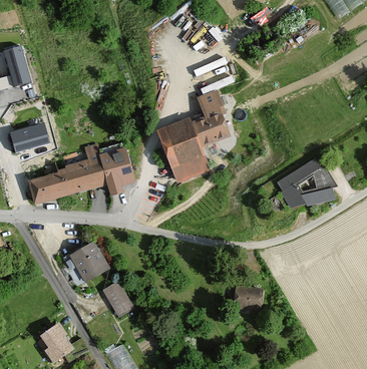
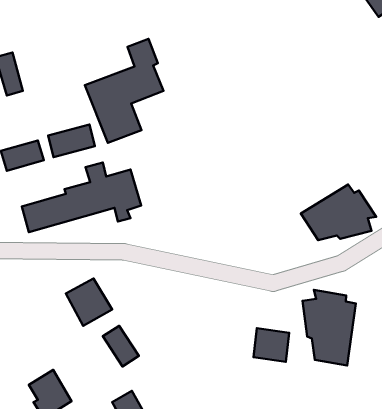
building: [161,89,230,179] -> [85,39,163,143]
building: none -> [48,124,95,157]
building: none -> [302,290,356,365]

